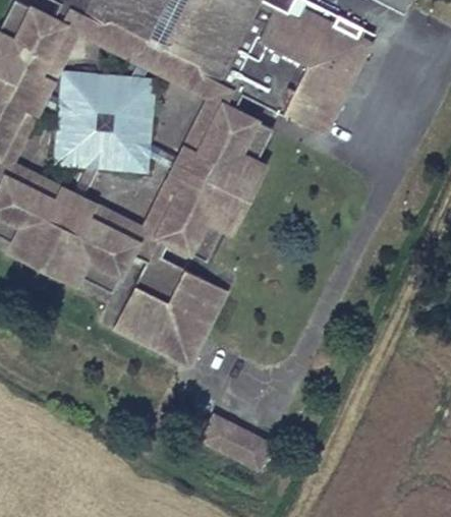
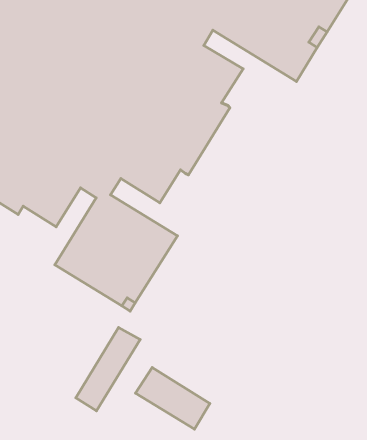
building: none -> [76,327,140,411]

